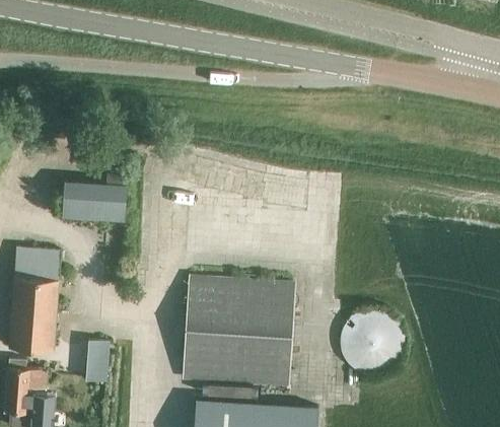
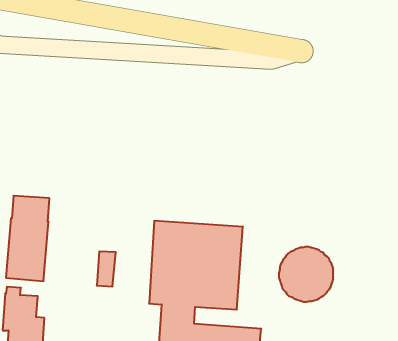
building: [62,182,127,221] -> none
building: [85,341,109,383] -> [97,251,116,286]

